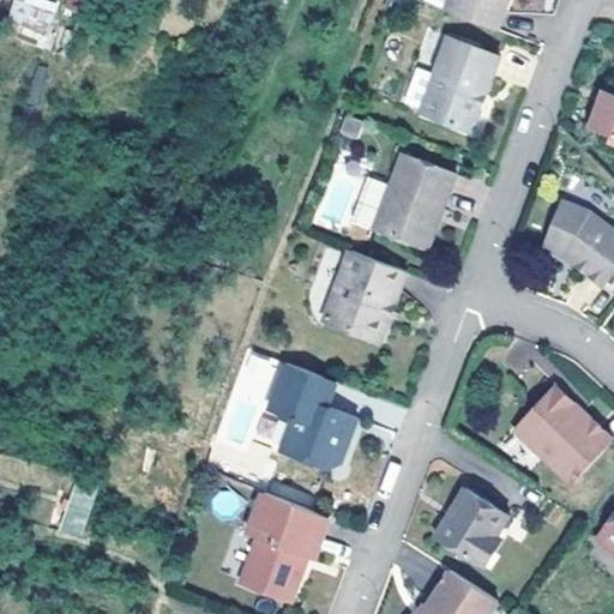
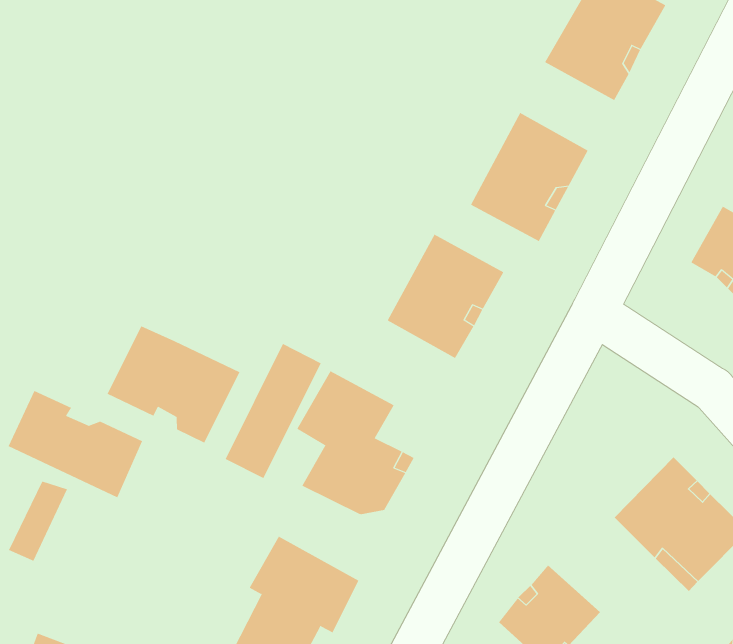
building: none -> [107,326,240,444]
building: none -> [8,390,143,498]

